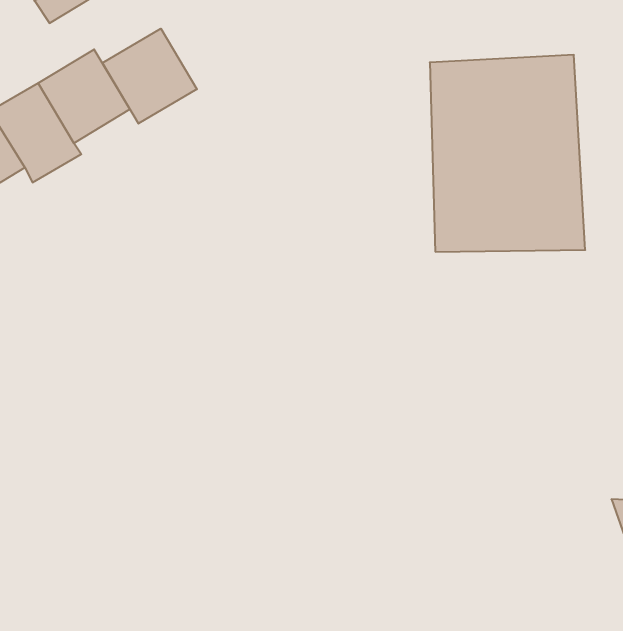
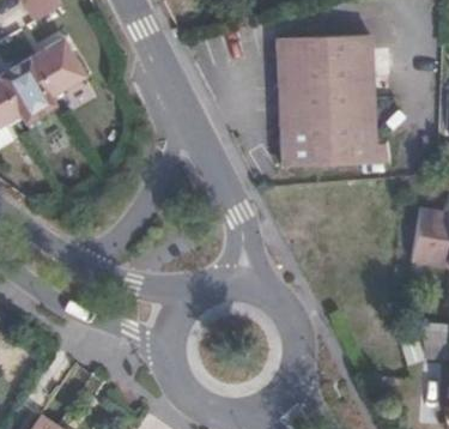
building: [102,29,197,124] -> none

